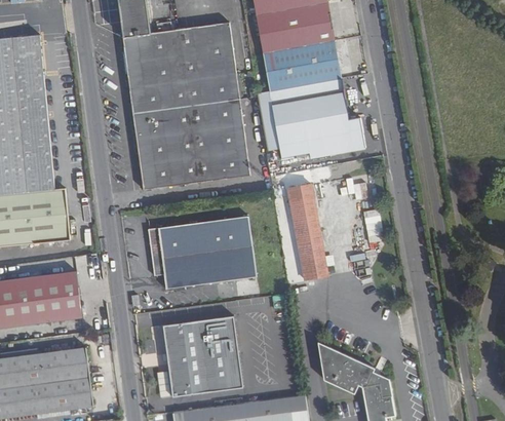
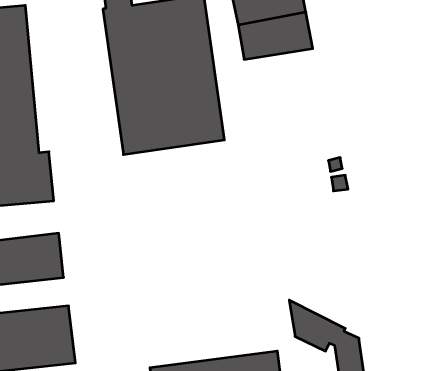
building: [270,79,366,157] -> none
building: [286,185,327,280] -> none
building: [148,218,256,290] -> none
building: [162,317,241,398] -> none

